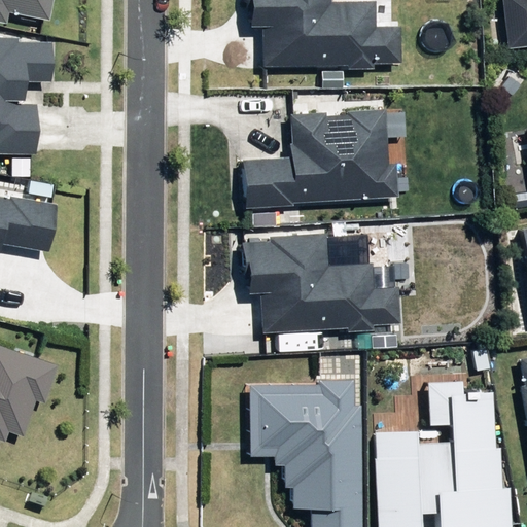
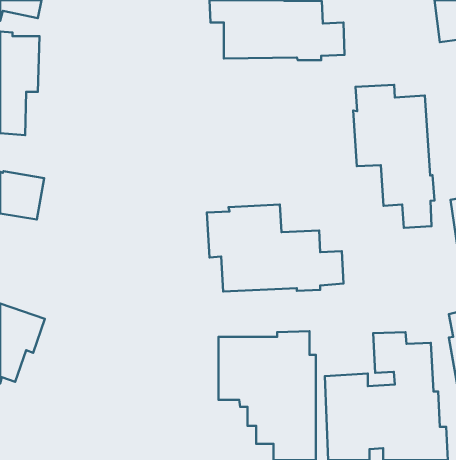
building: none -> [353,85,434,228]
building: [241,109,395,208] -> none

